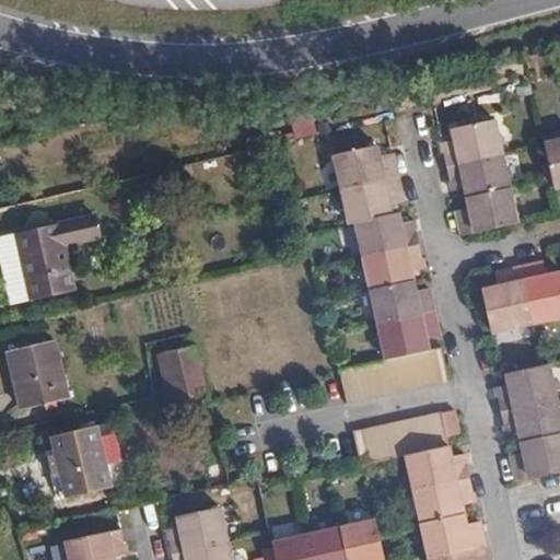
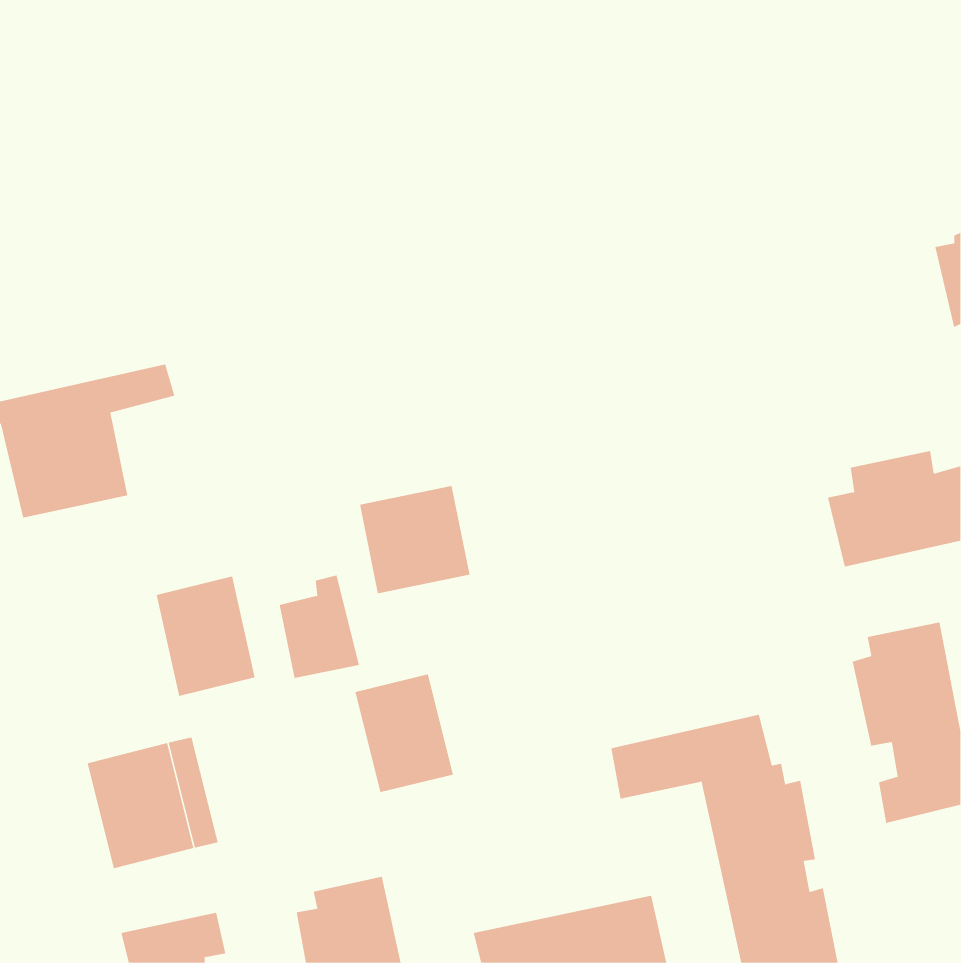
building: [440,124,515,238] -> none
building: [335,150,447,406] -> none
building: none -> [359,485,470,594]
building: [5,338,63,408] -> [156,576,256,696]
building: none -> [355,674,453,793]

